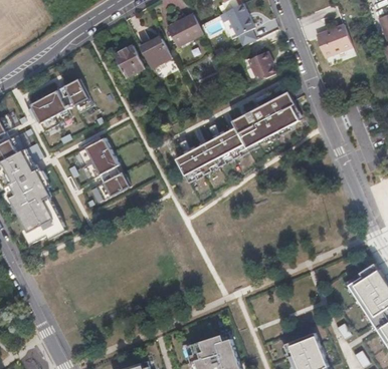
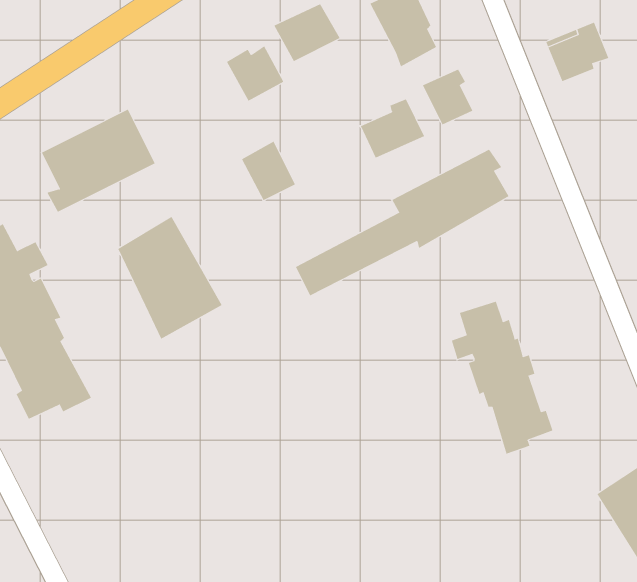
building: [114,44,144,77] -> [241,141,296,201]
building: none -> [360,99,425,158]
building: none -> [451,301,553,455]

